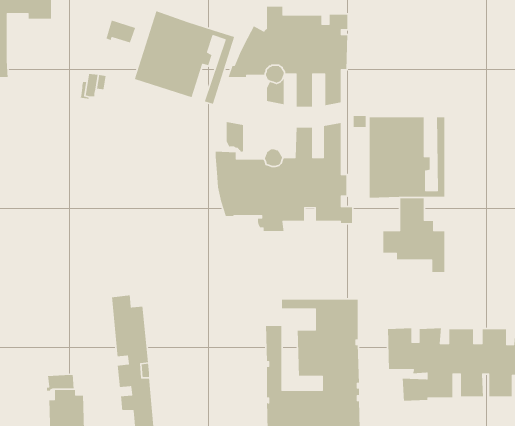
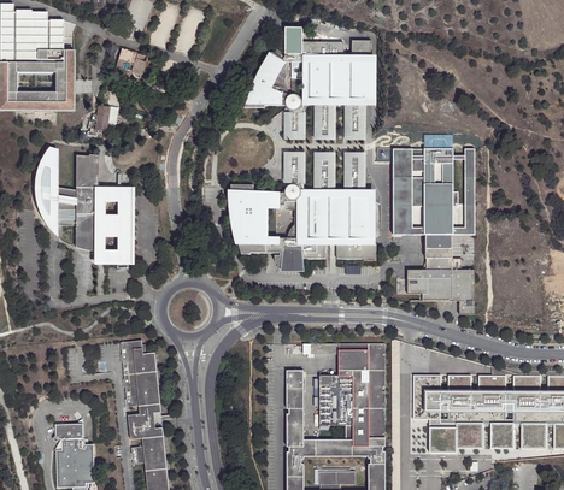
building: [134,10,235,105] -> none
building: none -> [12,42,71,110]
building: none -> [35,147,131,264]
building: [226,121,244,153] -> [286,157,305,190]

